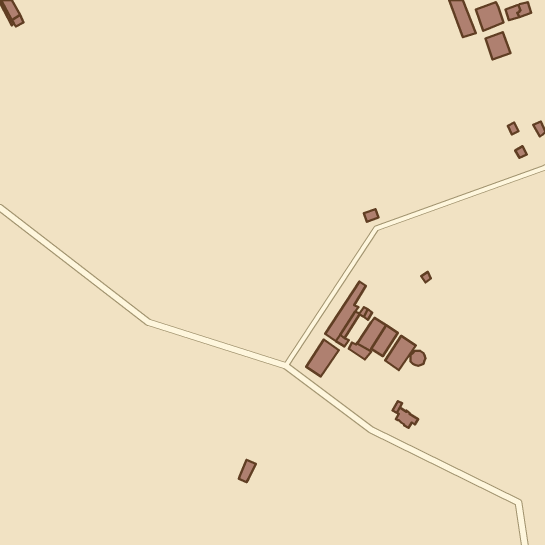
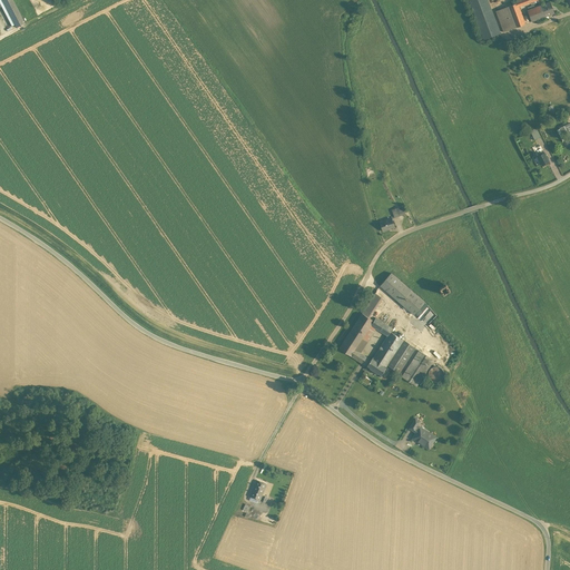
building: [486,32,511,59] -> none
building: none -> [381,273,425,315]
building: [306,339,339,376] -> none

